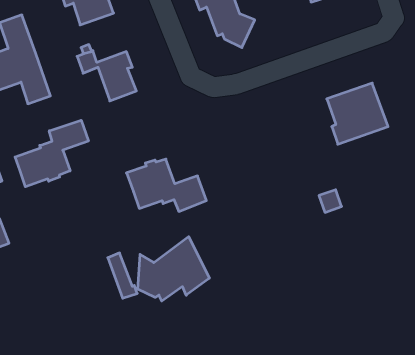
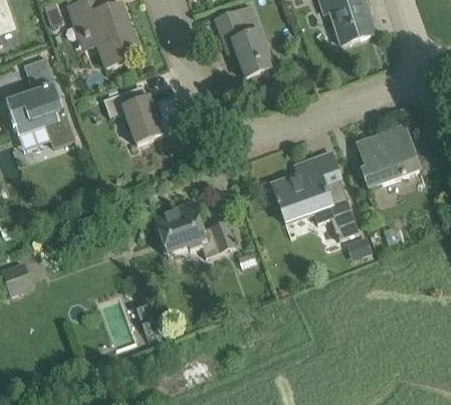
building: none -> [271,151,354,223]
building: [15,120,88,187] -> none
building: [138,237,209,301] -> none

